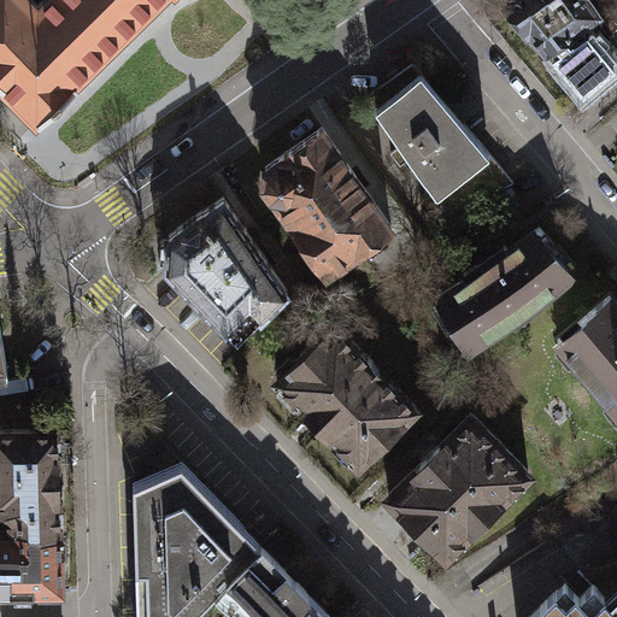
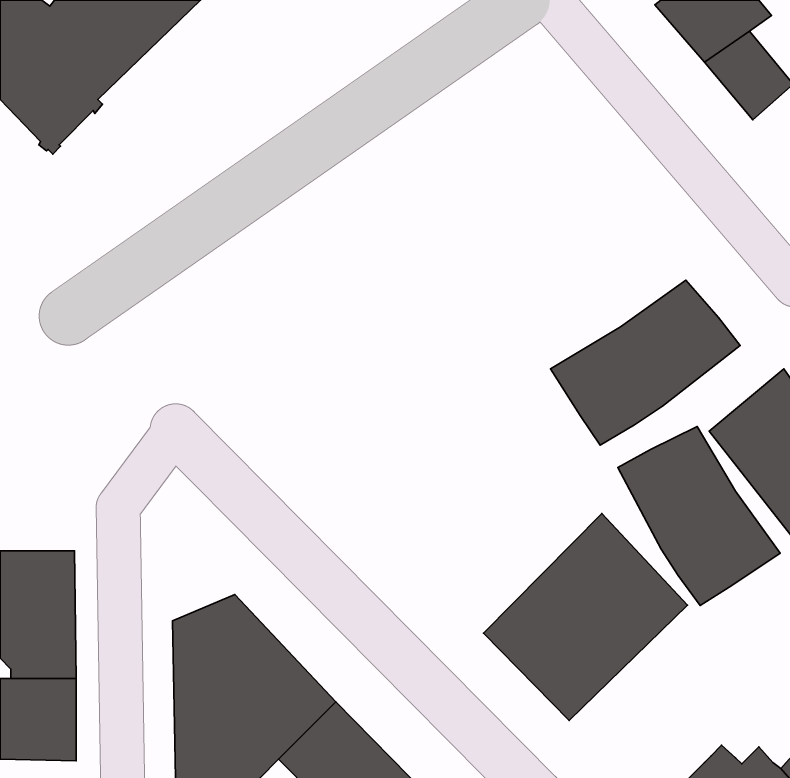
building: [375,76,486,195] -> none
building: [252,125,390,278] -> none
building: [161,201,283,343] -> none
building: [272,335,419,475] -> none
building: none -> [618,426,780,606]

